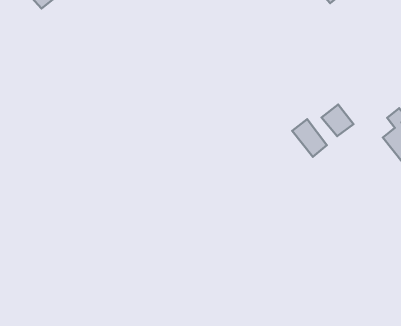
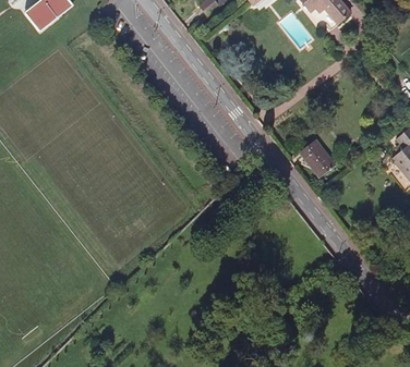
building: [321,104,354,136] -> none

